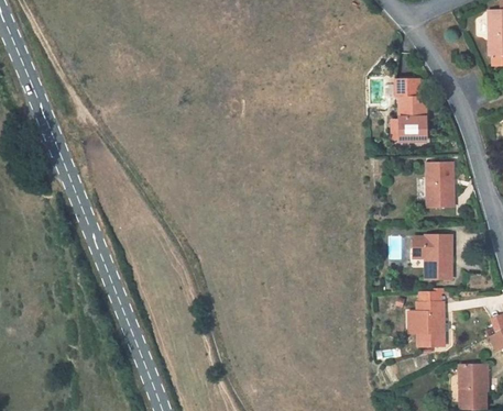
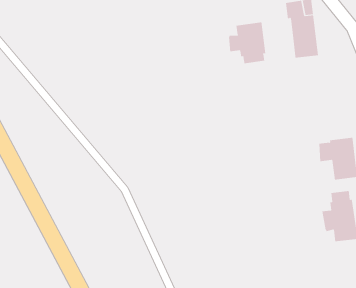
building: none -> [229,22,266,64]
building: [427,163,453,208] -> none

